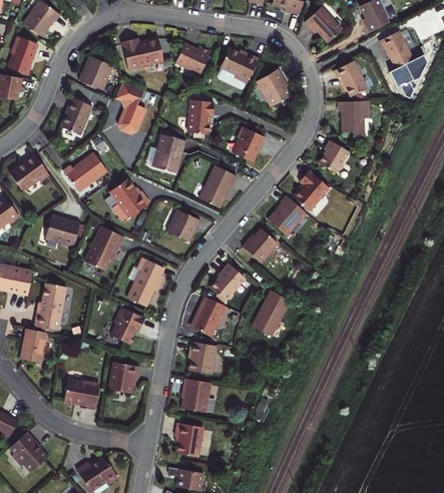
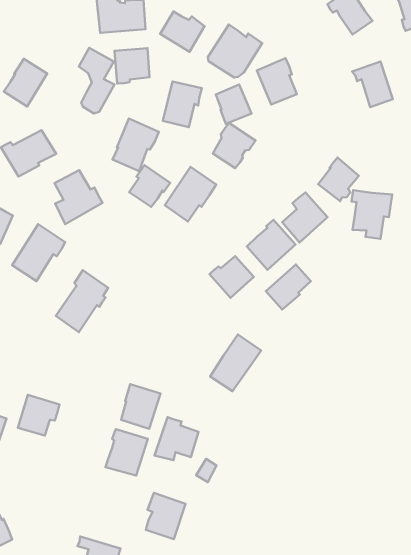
building: [81,57,113,90] -> none
building: none -> [115,48,149,83]
building: none -> [216,85,251,124]
building: [337,100,368,136] -> [352,190,392,239]
building: [169,209,200,241] -> [129,165,170,207]
building: none -> [266,265,311,309]
building: [210,263,246,301] -> none
building: [191,296,226,337] -> none
building: [112,307,145,344] -> none
building: none -> [155,417,198,460]
building: [174,422,203,456] -> [146,493,185,539]

